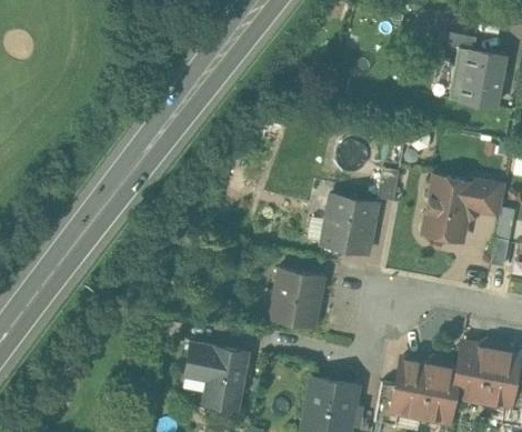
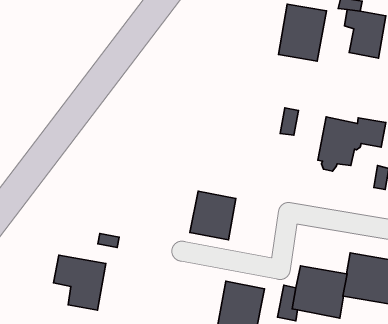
building: none -> [279,4,326,61]
building: [322,197,378,255] -> none
building: [185,344,249,411] -> [53,255,106,310]

